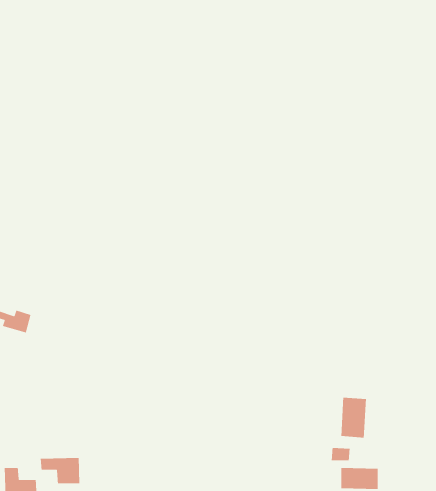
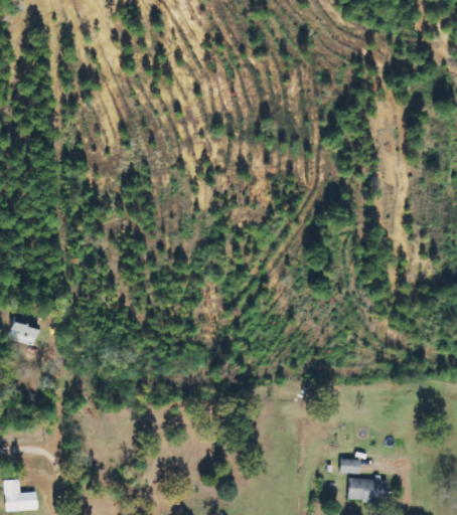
building: [341,397,367,438] -> none
building: [40,457,80,484] -> none

